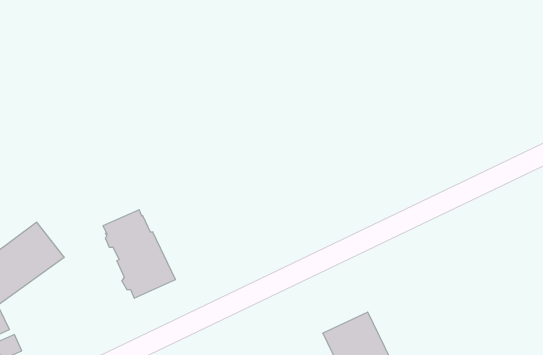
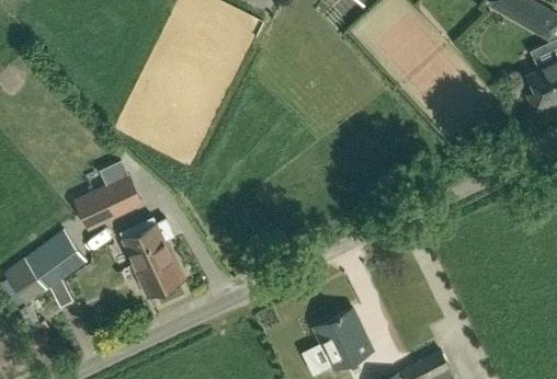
building: none -> [75,176,141,228]

